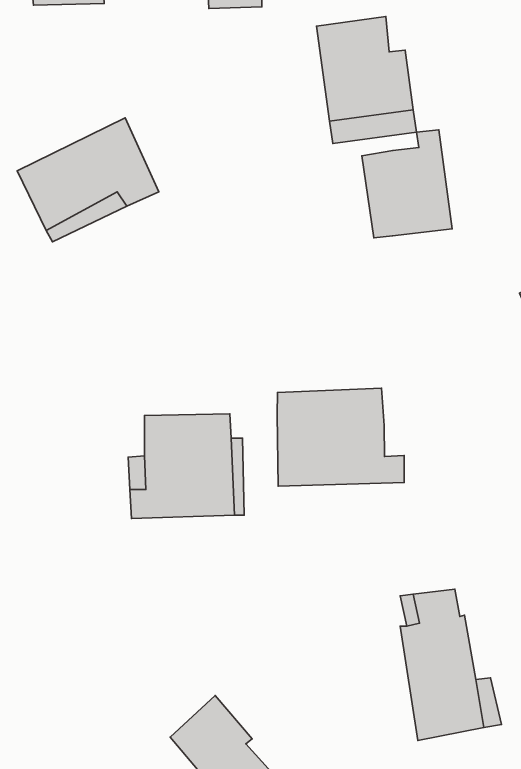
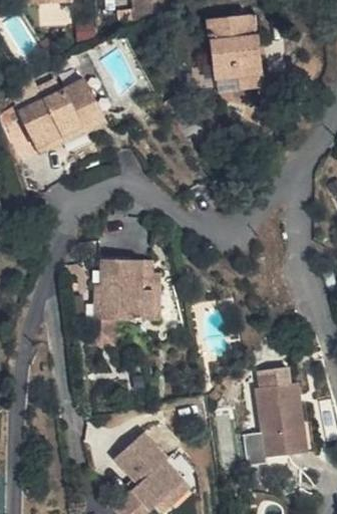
building: [362,130,452,238] -> none
building: [277,388,404,486] -> none

